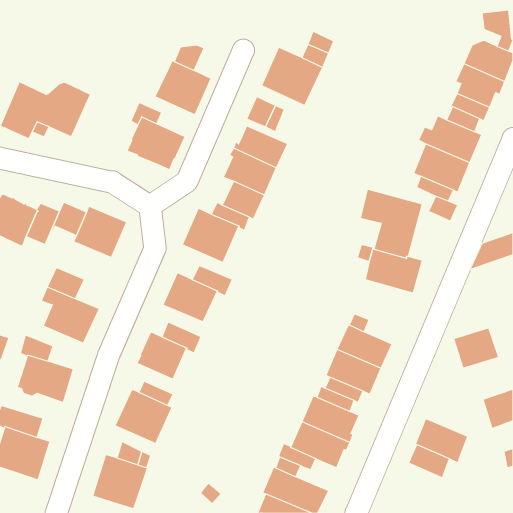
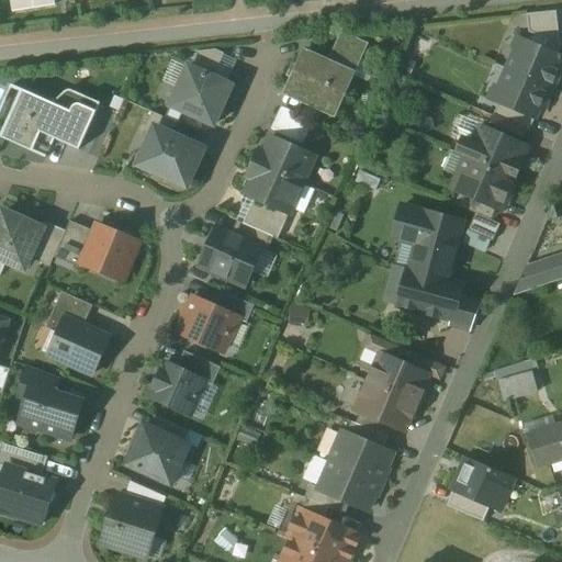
building: none -> [449,284,482,329]

